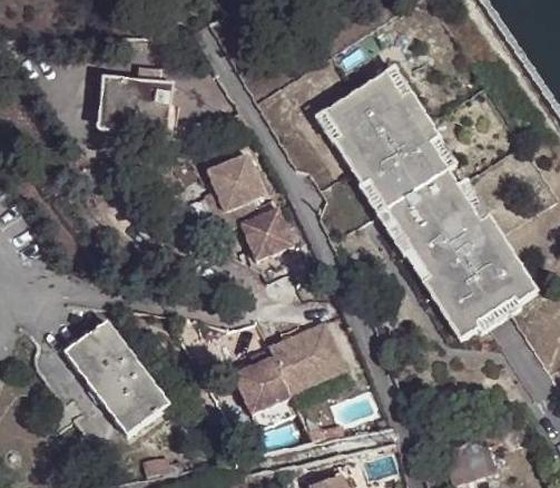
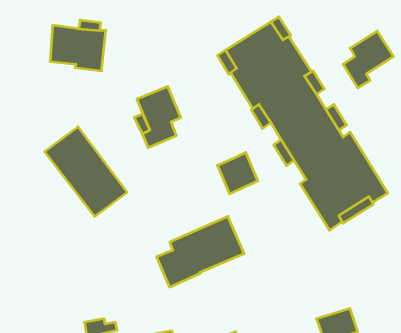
building: none -> [343,31,393,88]
building: [244,208,296,262] -> [217,152,258,194]
building: [62,321,169,437] -> [45,127,127,216]

